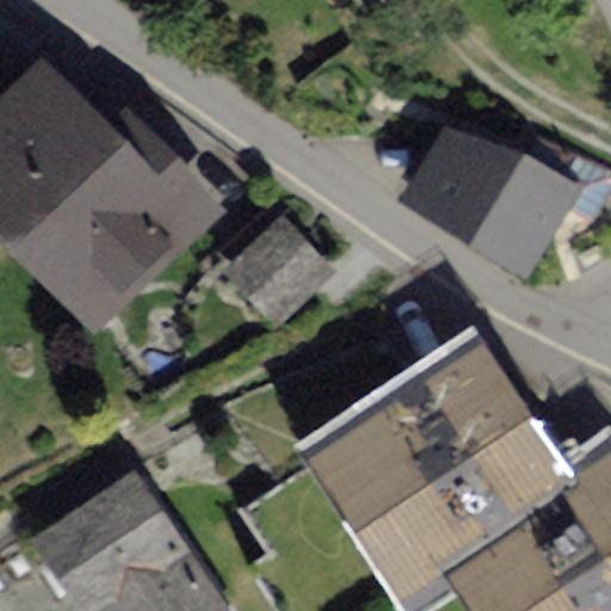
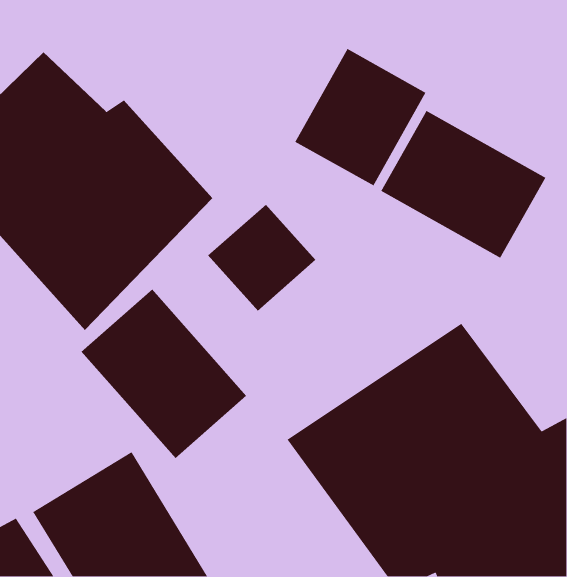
building: none -> [294,48,427,187]
building: none -> [81,288,247,459]

